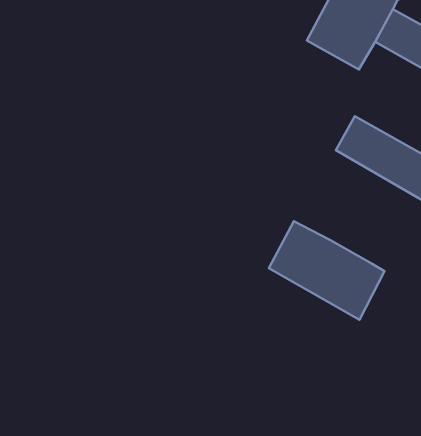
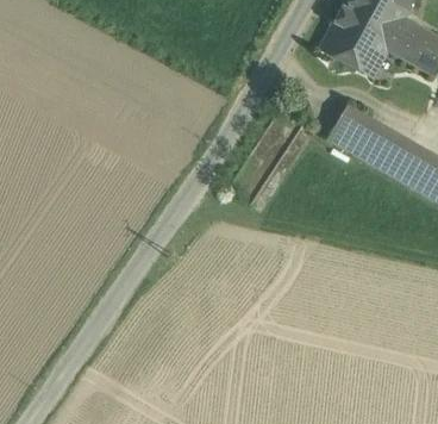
building: none -> [328,105,369,150]
building: [269,221,385,320] -> none

